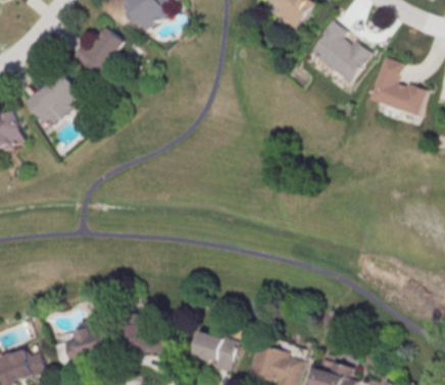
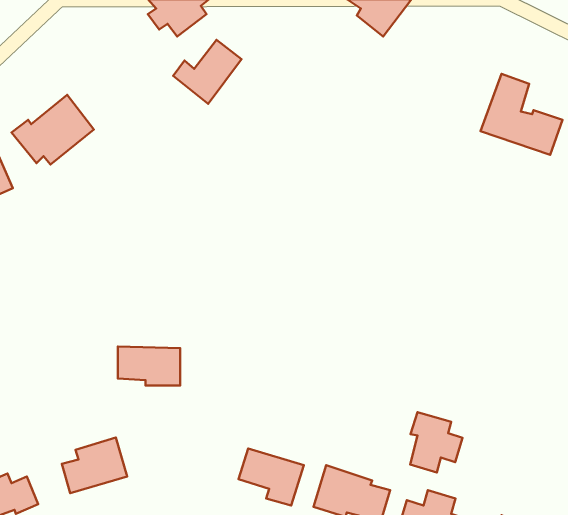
building: [312,19,374,82] -> none
building: [77,28,127,74] -> [173,40,242,104]
building: none -> [410,412,463,472]
building: [117,323,163,351] -> [118,347,180,386]

